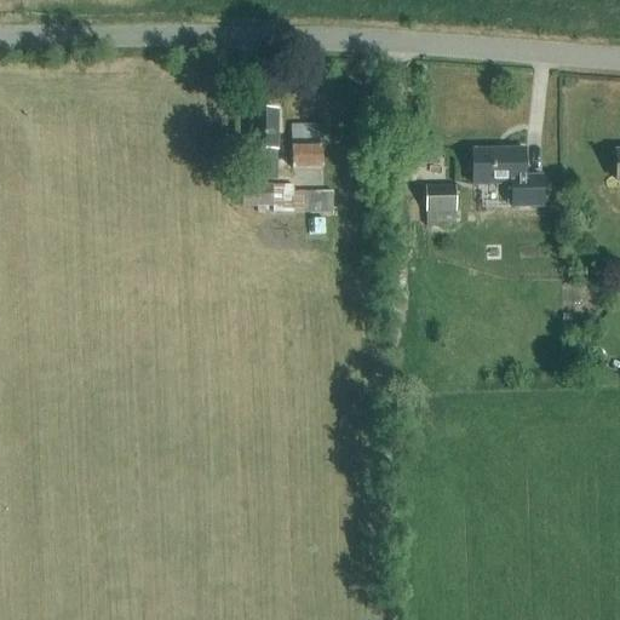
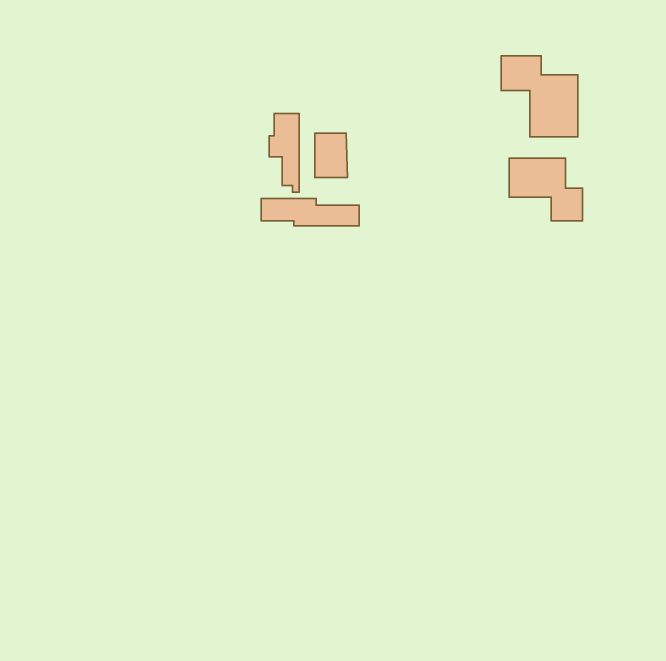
building: none -> [501,56,578,137]
building: [426,183,458,223] -> none

